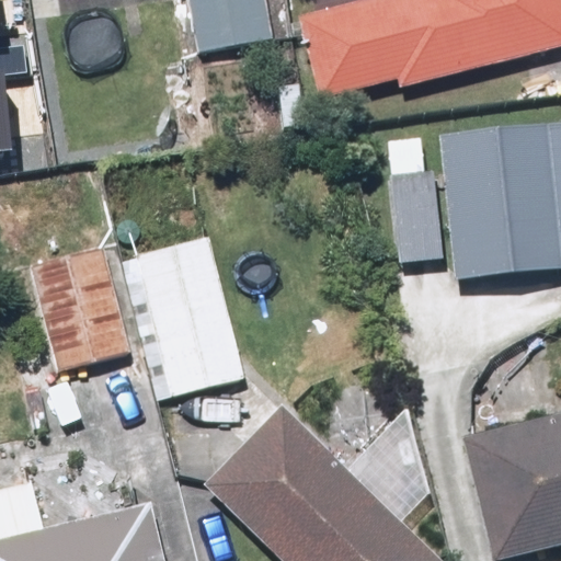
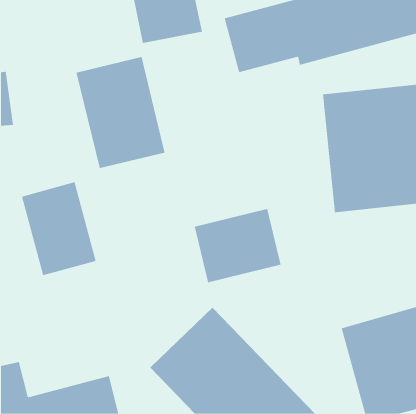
building: none -> [76,56,165,169]
building: [121,233,247,399] -> none
building: none -> [194,208,281,283]

